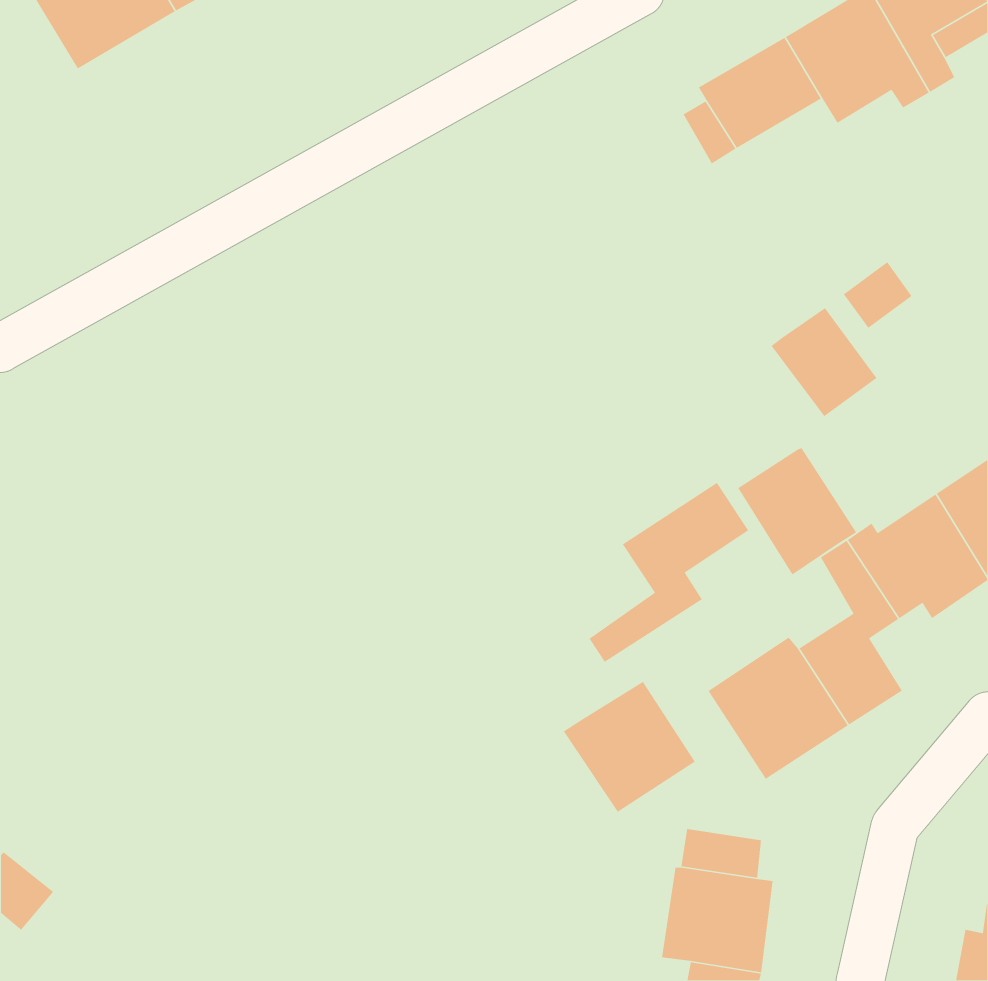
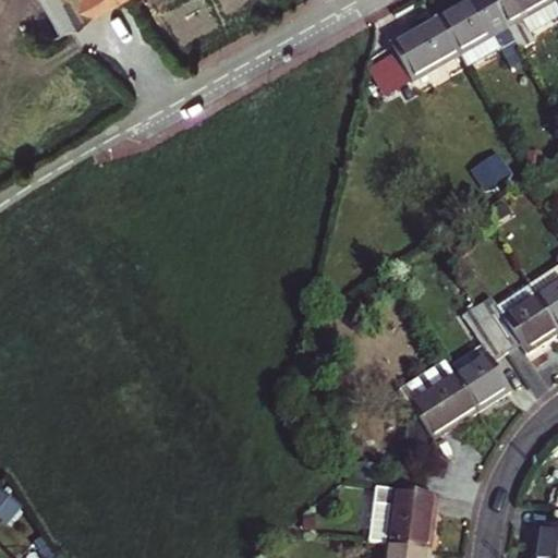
building: [770,307,877,417] -> none
building: [737,447,857,576] -> none
building: [588,482,749,663] -> none
building: [563,681,696,813] -> none

